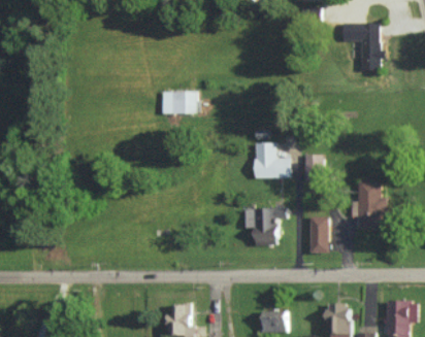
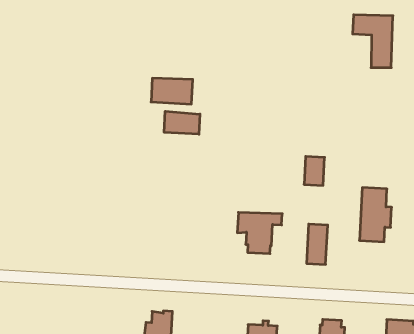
building: none -> [164,111,200,134]
building: [254,143,290,179] -> none

